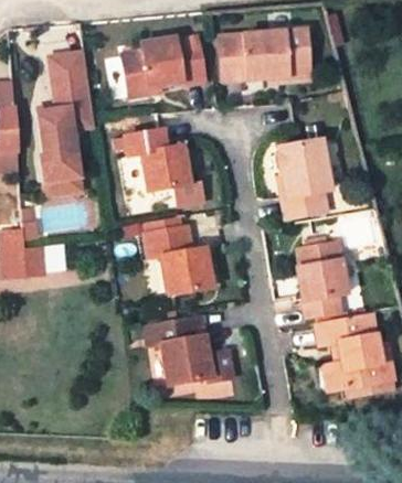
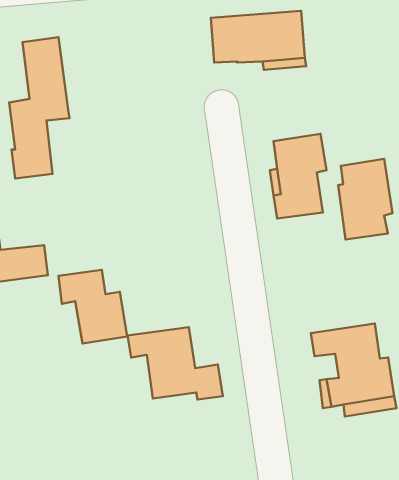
building: [119,39,200,93] -> none
building: [126,132,189,191] -> none
building: [147,227,210,294] -> [58,270,127,344]
building: [295,245,345,319] -> [338,159,393,240]

